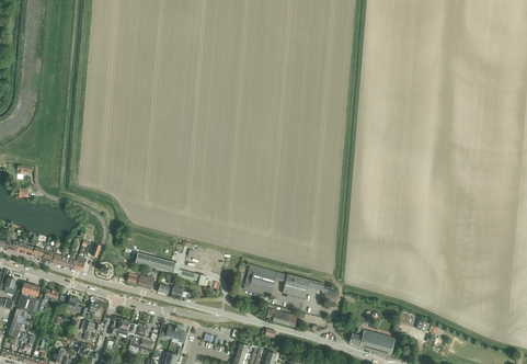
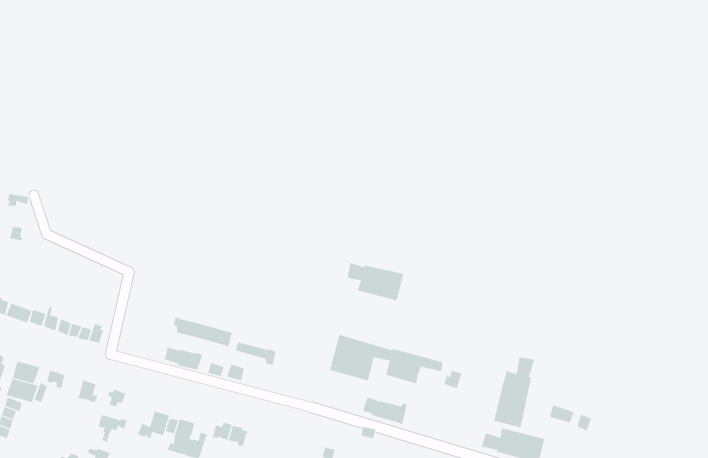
building: none -> [347,262,404,301]
building: none -> [493,356,535,428]

